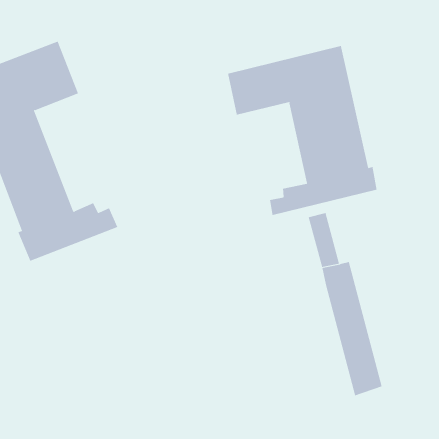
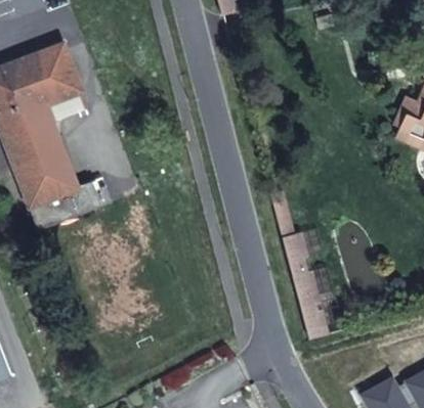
building: [228,45,377,216] -> none

